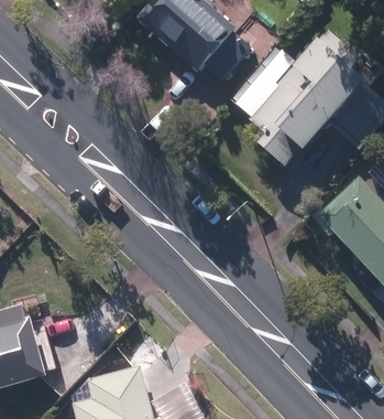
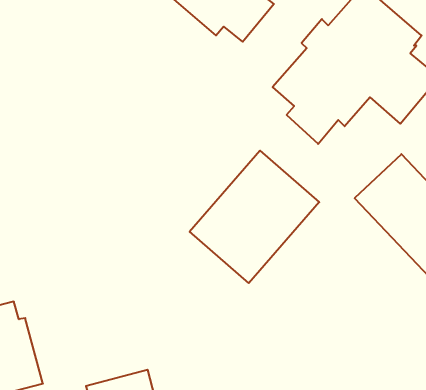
building: none -> [190,151,319,283]

